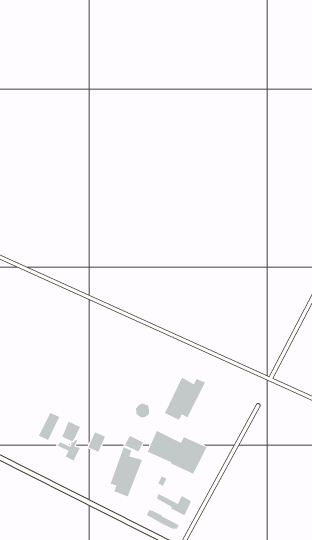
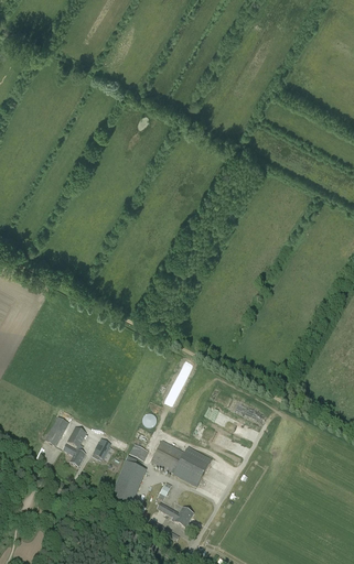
building: [164,377,206,421] -> none

